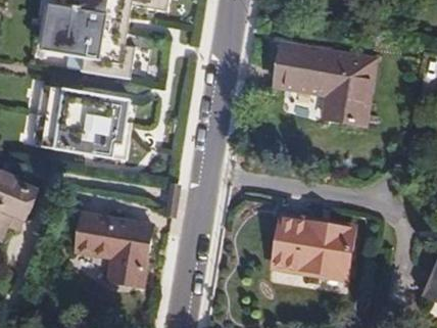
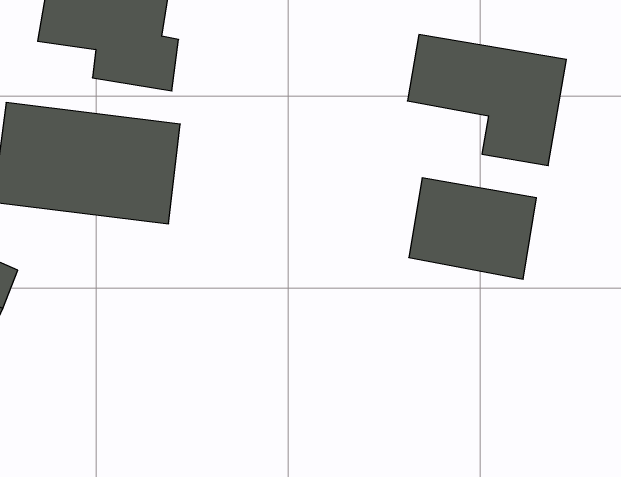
building: [274,214,352,276] -> [409,178,536,279]
building: [77,216,151,287] -> none

